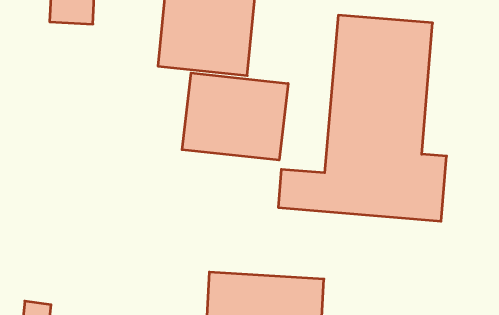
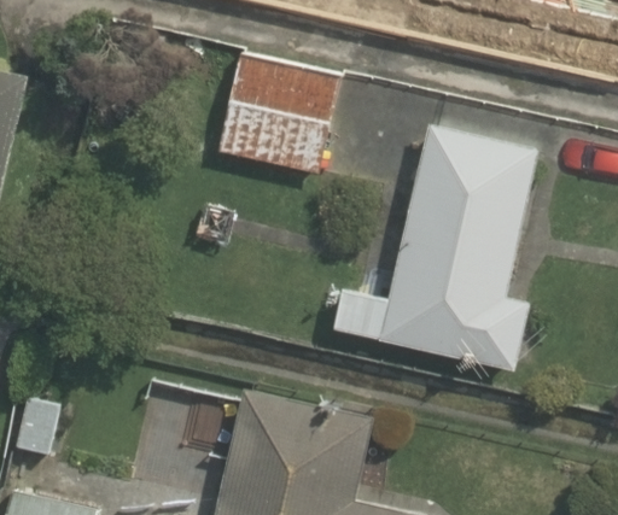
building: [182,73,288,160] -> none

